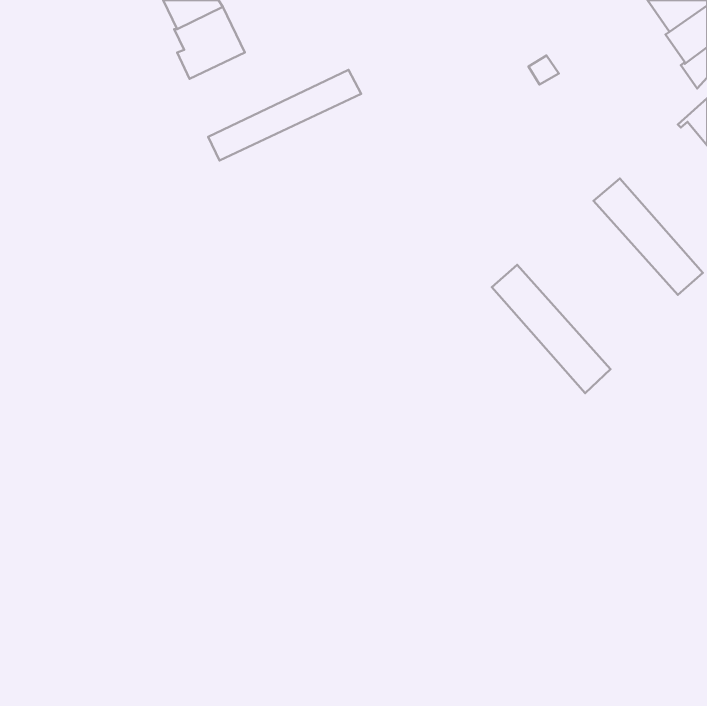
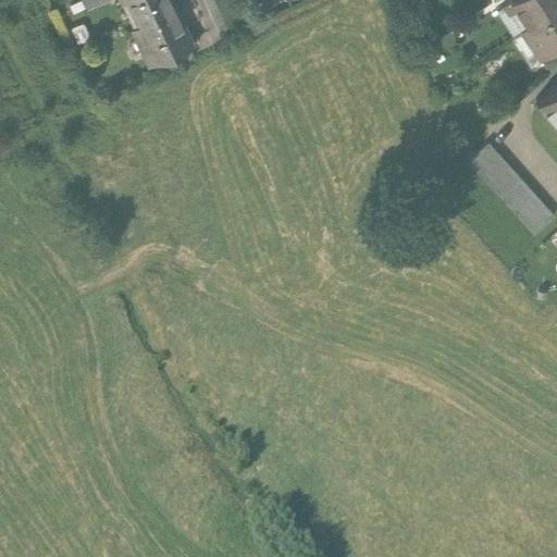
building: [208,70,361,161] -> none
building: [492,265,611,393] -> none

